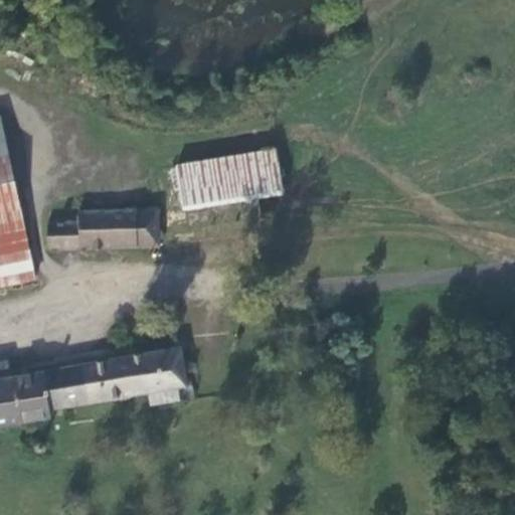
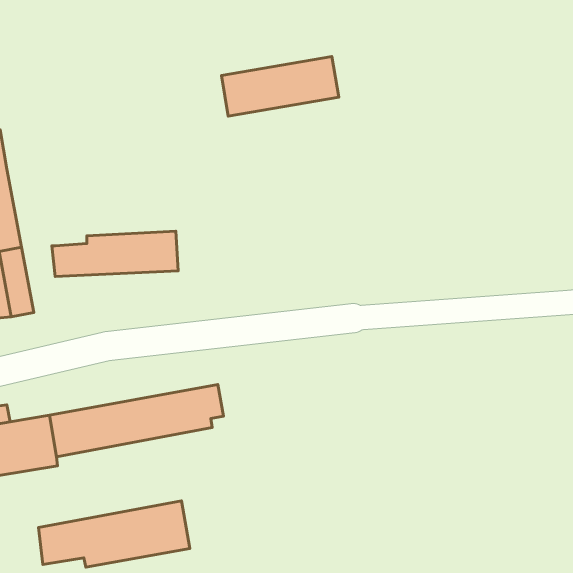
building: [176,150,281,203] -> [221,56,339,116]
building: none -> [38,501,190,567]

